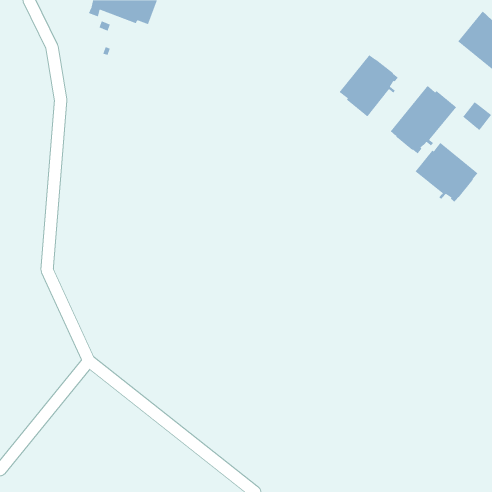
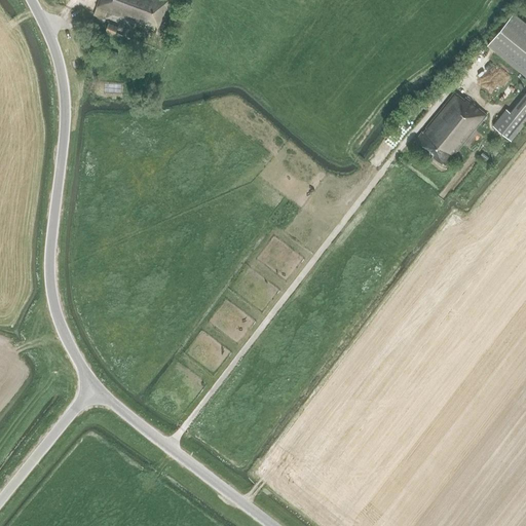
building: [338,54,399,117] -> none
building: [414,142,478,203] -> none

